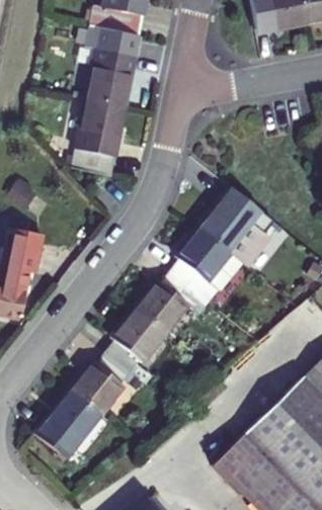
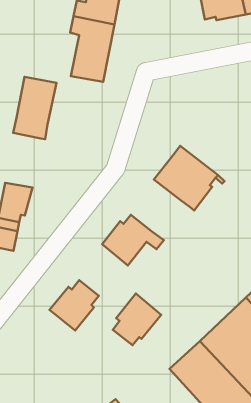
building: [77,101,131,178] -> [13,77,57,139]
building: [165,229,238,304] -> none
building: [101,309,161,372] -> [113,294,161,345]
building: [32,390,96,456] -> none

